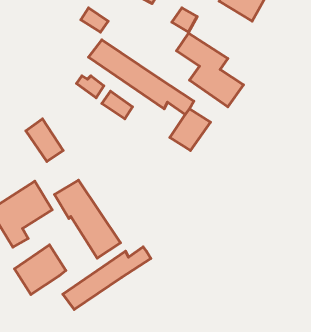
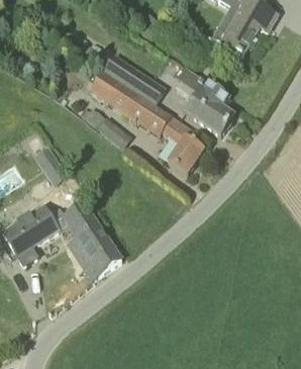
building: none -> [103,54,169,108]
building: [15,245,66,295] -> none
building: [63,247,151,309] -> none

